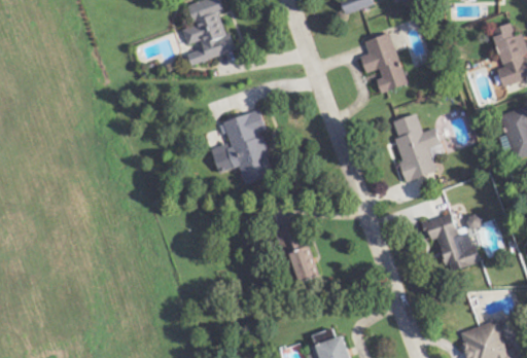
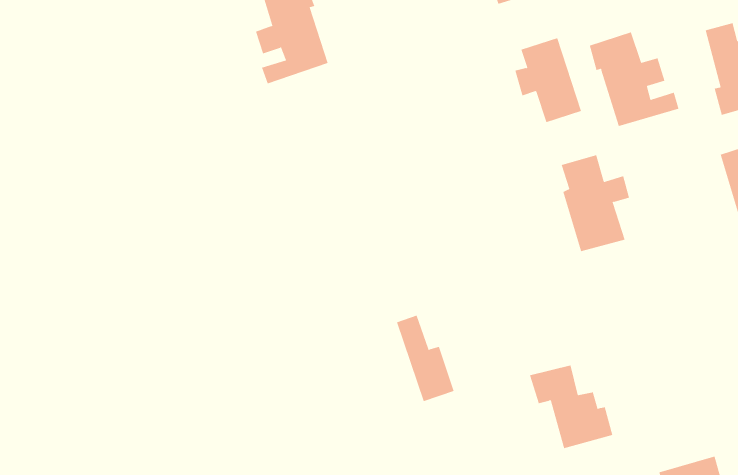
building: none -> [589,31,679,127]
building: [211,111,273,184] -> none
building: [423,215,481,273] -> [529,365,613,449]

